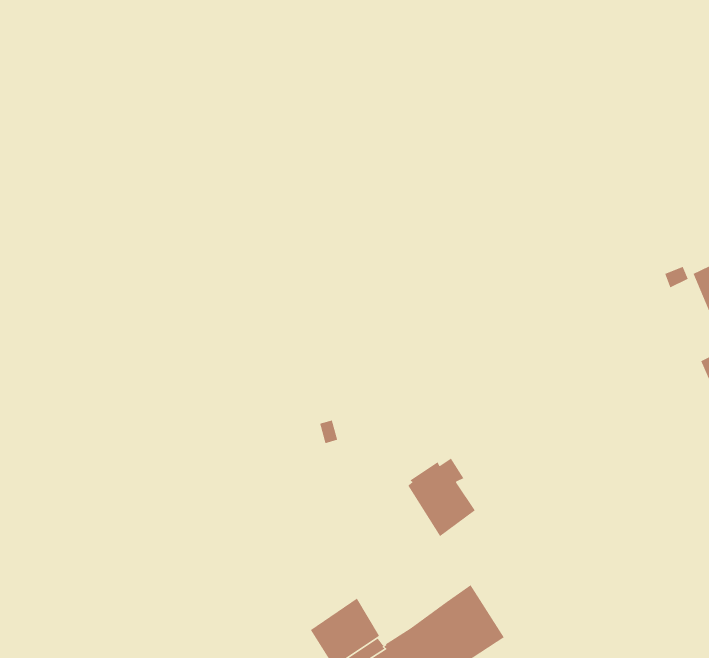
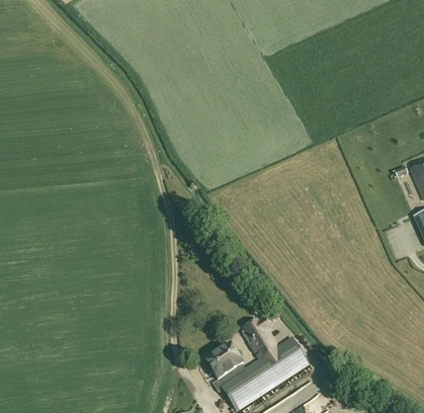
building: [408,458,476,537] -> [241,315,277,357]

